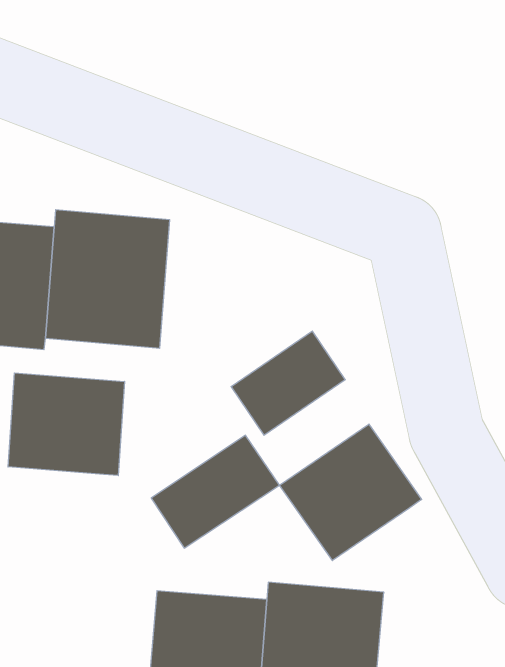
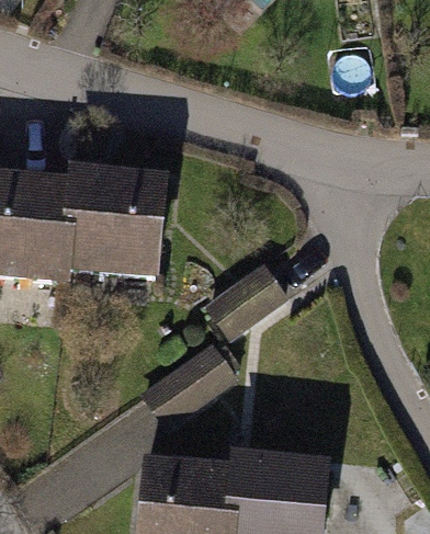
building: [8,373,125,476] -> none
building: [280,424,422,561] -> none

